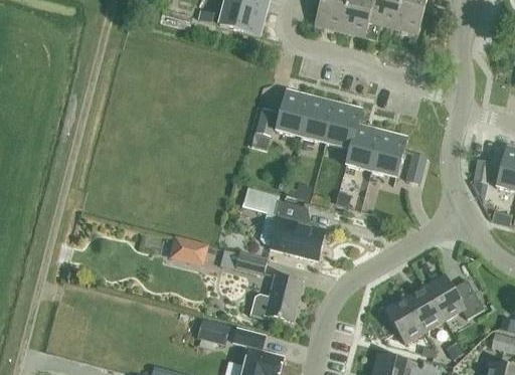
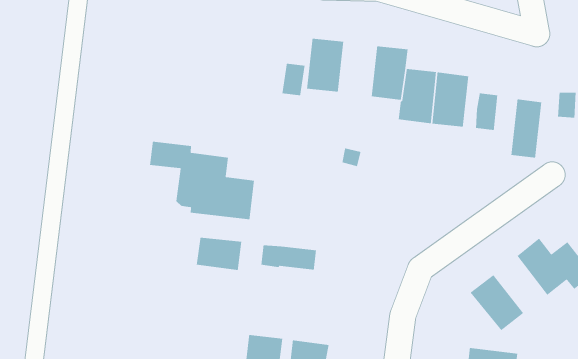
building: [301,96,336,143] -> none
building: none -> [511,99,542,159]
building: [242,186,325,259] -> [149,141,255,220]
building: [249,274,303,322] -> none
building: [404,285,445,331] -> none

